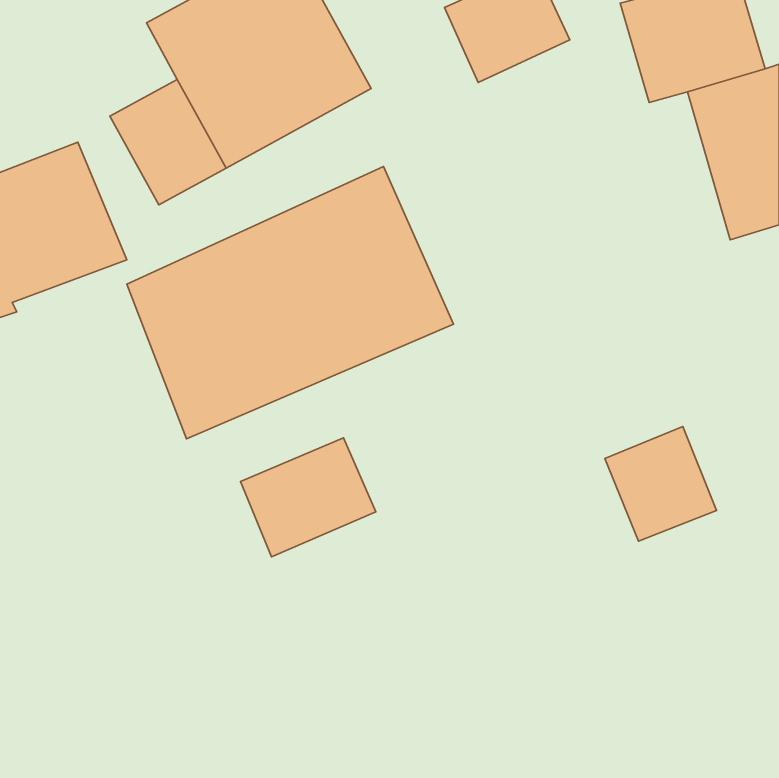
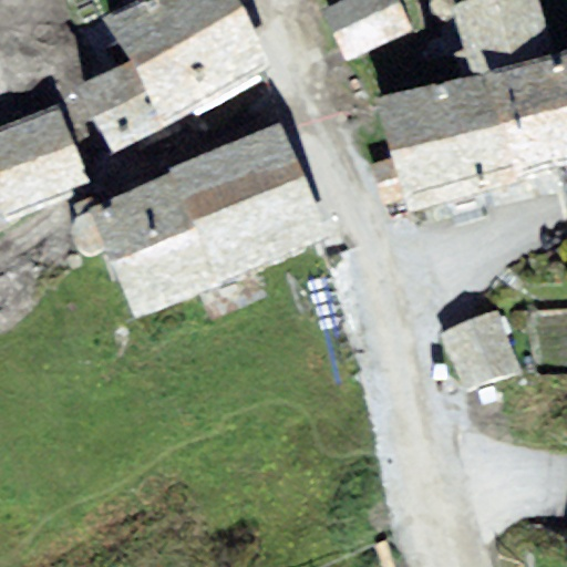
building: none -> [380,66,529,207]
building: [240,438,376,557] -> none

